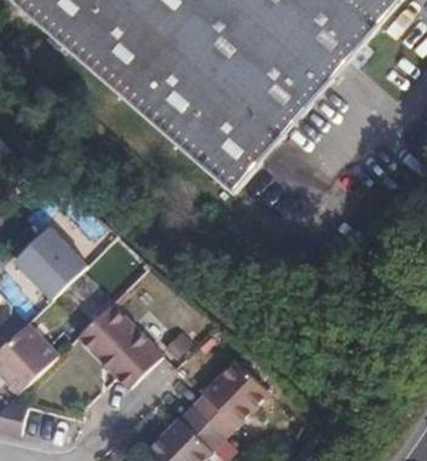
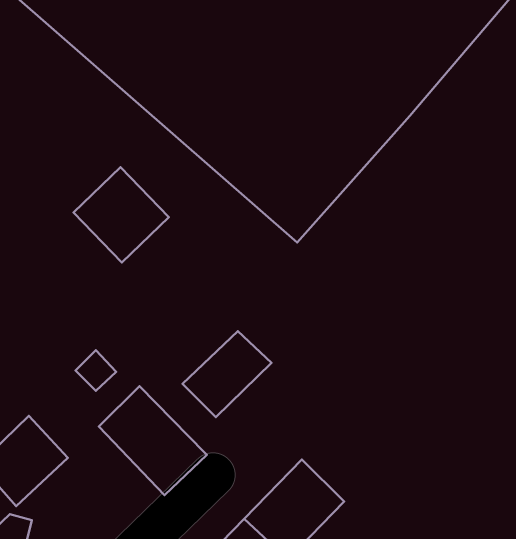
building: [11,225,85,299] -> [74,167,169,262]
building: none -> [183,331,271,417]

